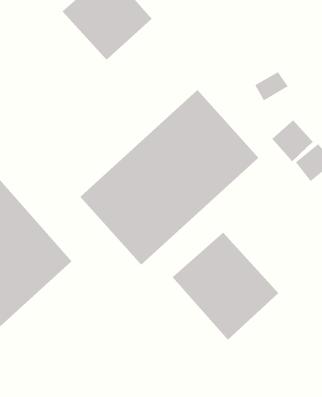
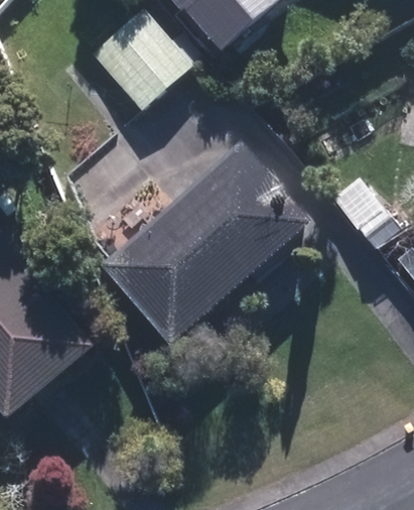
building: [172,232,279,340] -> none

